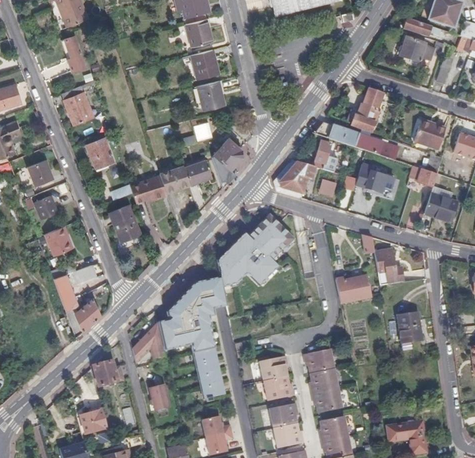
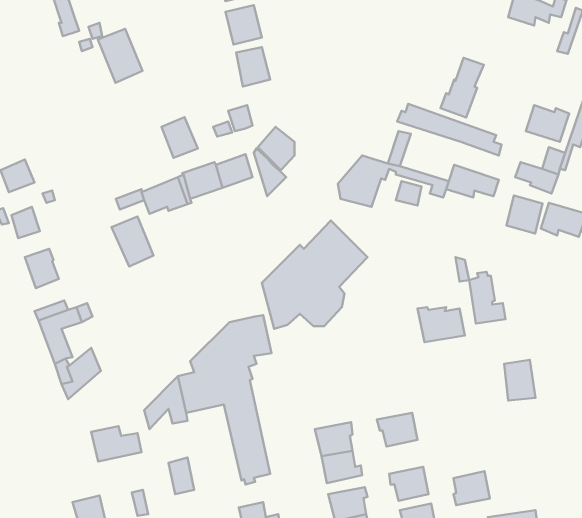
building: [61,85,94,125] -> [98,29,143,83]
building: [87,137,114,167] -> [161,117,198,158]
building: none -> [507,195,542,234]
building: [311,369,338,394] -> [453,471,490,505]

